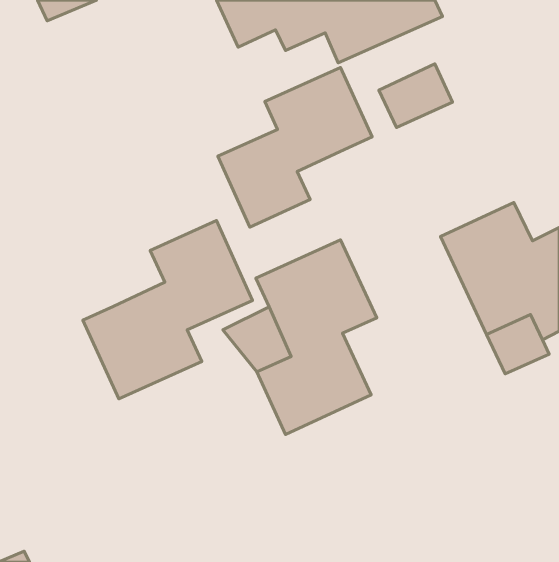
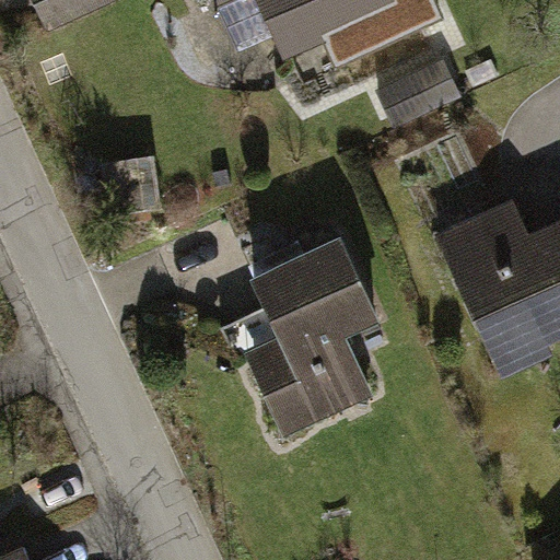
building: [218,67,372,227] -> none
building: [83,220,253,399] -> none

